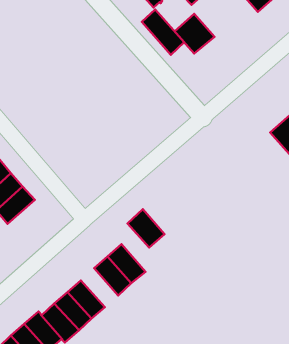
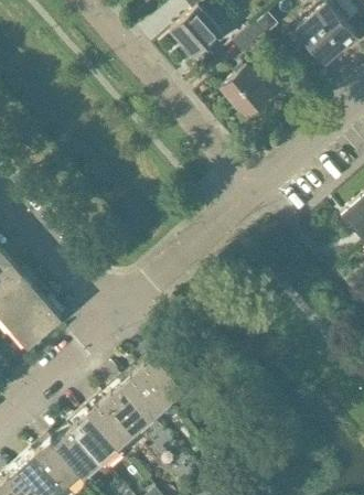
building: [142,10,184,55] -> none
building: none -> [12,300,62,347]
building: [127,209,165,248] -> none
building: none -> [104,385,150,433]

